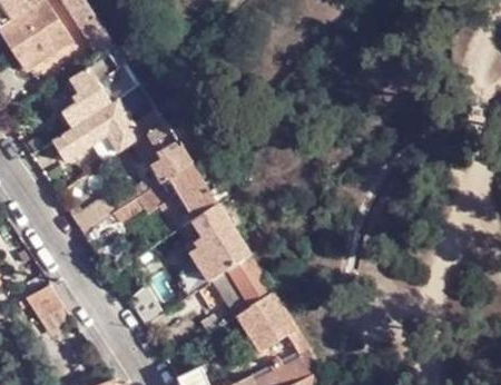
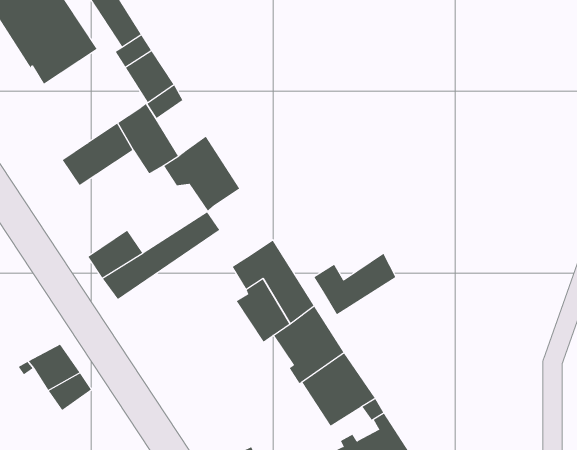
building: [60,66,110,128] -> none
building: [169,164,215,217] -> none
building: none -> [314,253,396,315]

